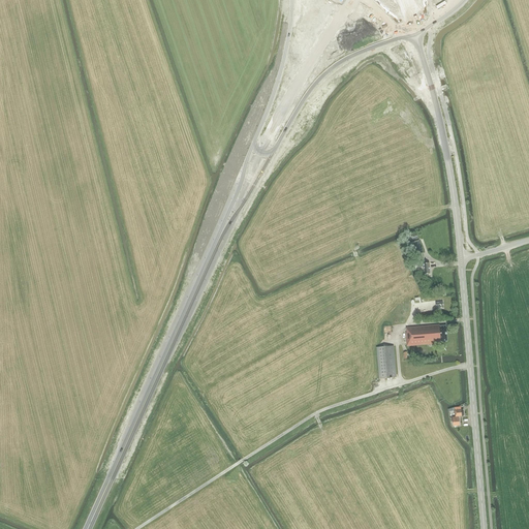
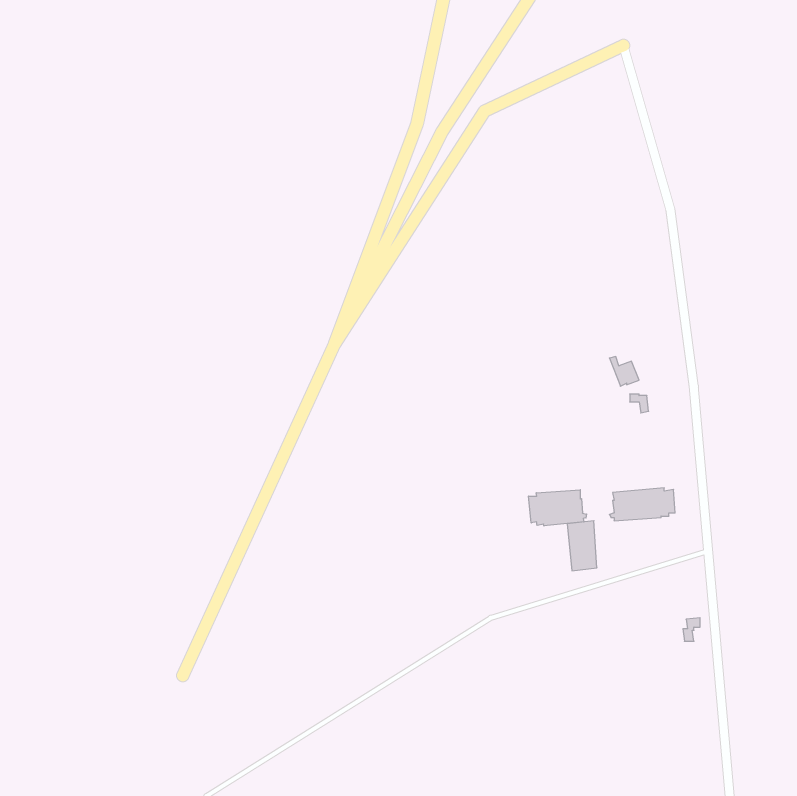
building: none -> [529,490,587,526]

